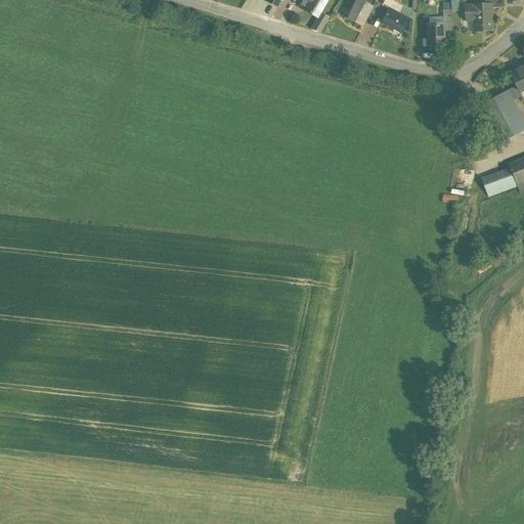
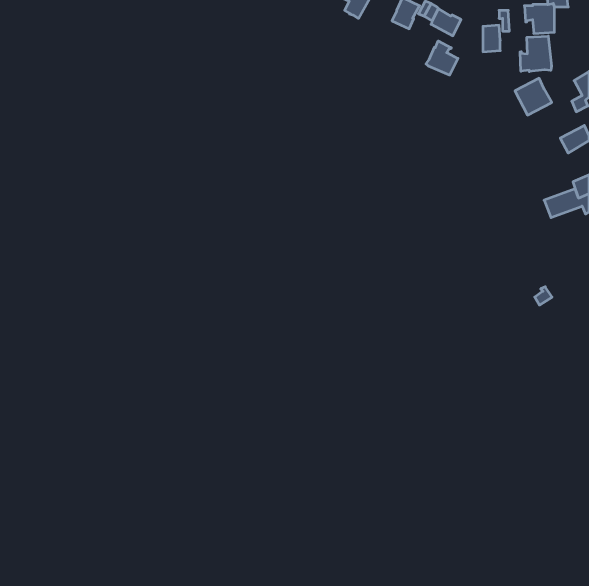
building: none -> [520,36,551,72]
building: none -> [426,41,458,75]
building: [486,90,519,123] -> [515,78,552,115]

